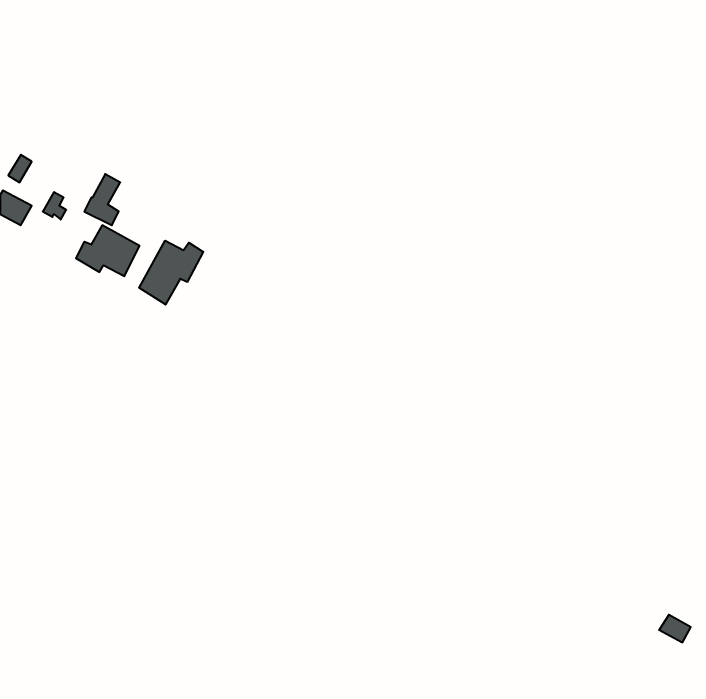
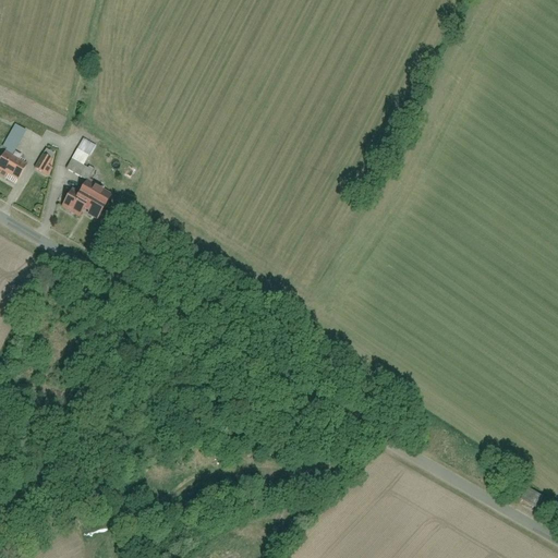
building: [139,241,203,305] -> none

